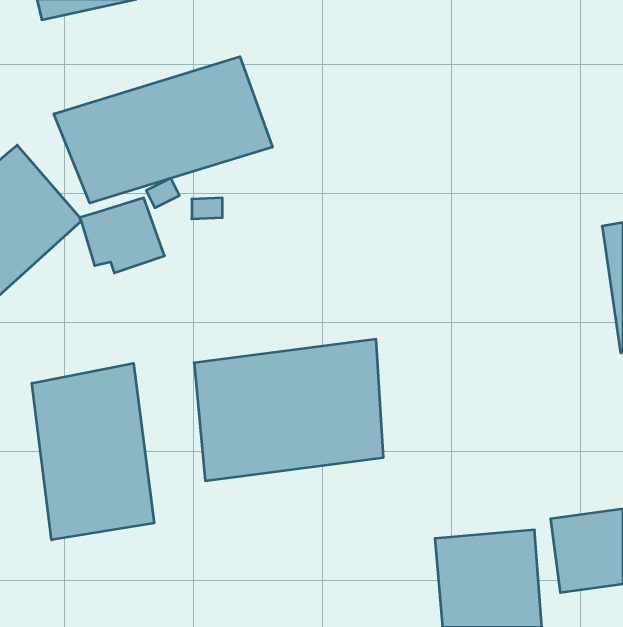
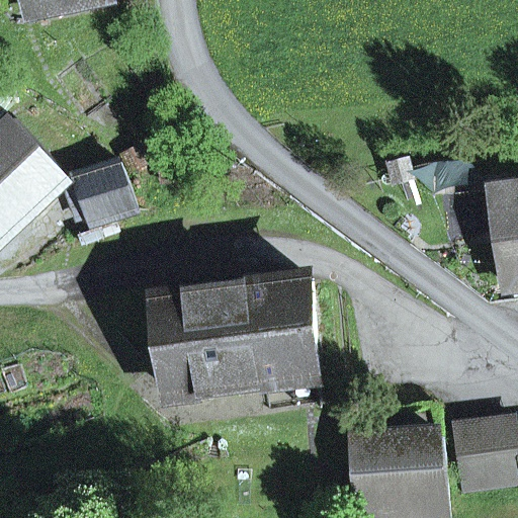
building: [54,57,272,203] -> none
building: [32,363,154,540] -> none

